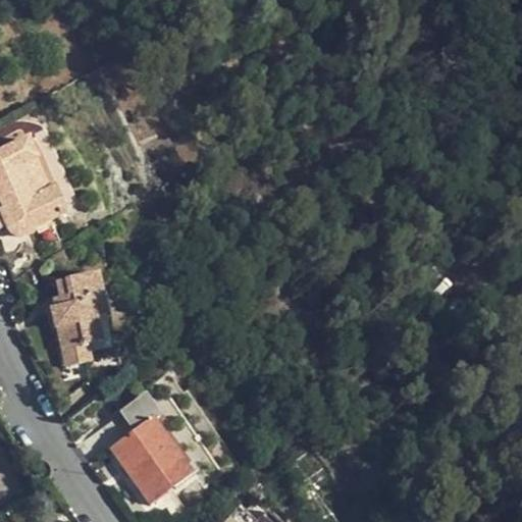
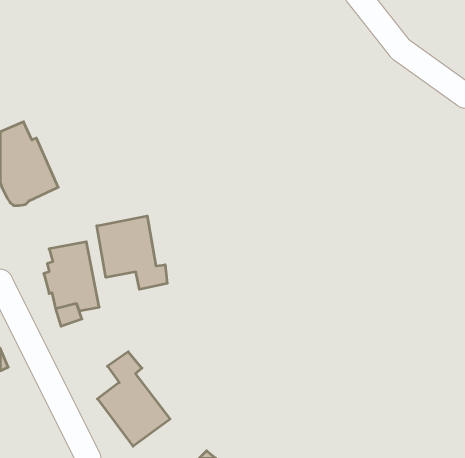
building: none -> [97,216,167,289]

